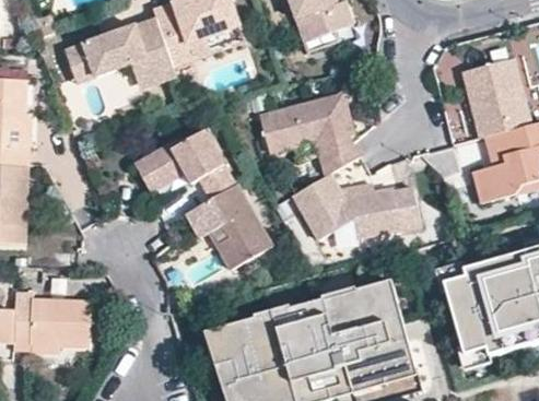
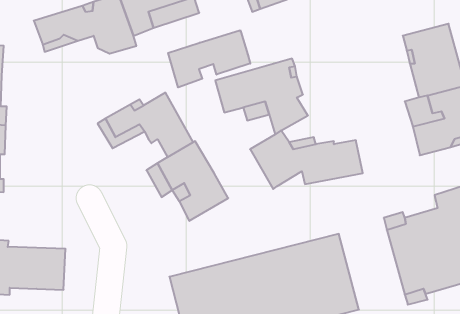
building: none -> [168,30,250,87]

